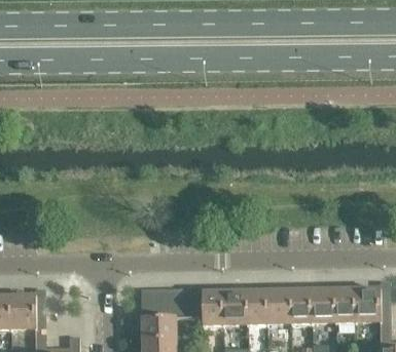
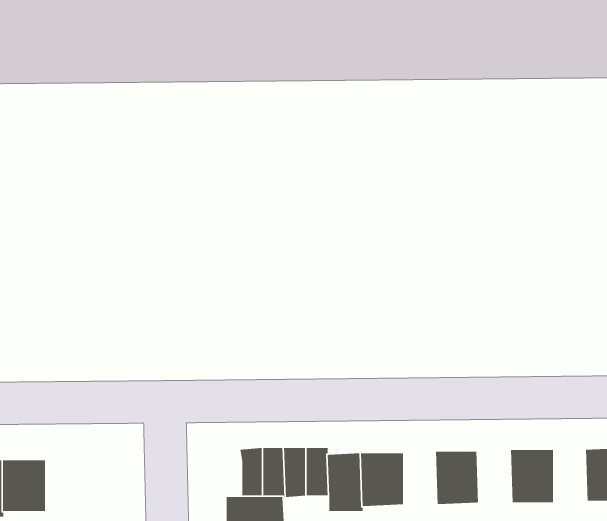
building: [289,286,311,321] -> none
building: [333,286,355,321] -> none
building: [246,287,266,322] -> none

